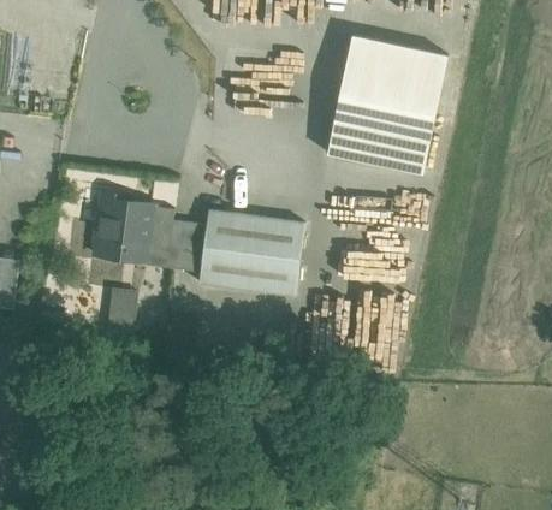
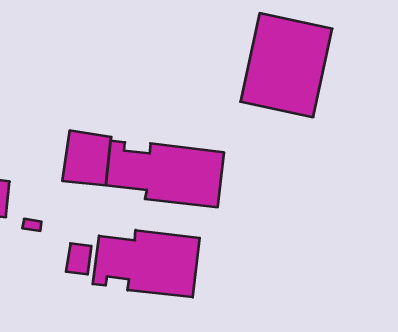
building: [106,286,140,327] -> [66,243,91,274]
building: none -> [93,230,200,297]

